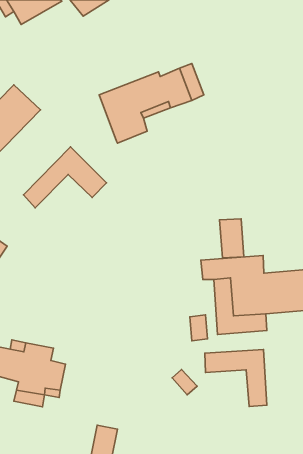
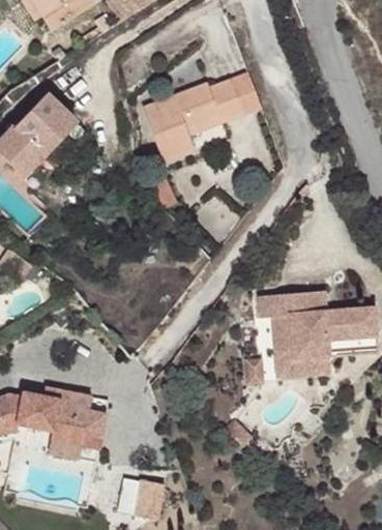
building: [23,147,106,208] -> none
building: [220,219,244,258] -> none
building: [205,349,267,407] -> none

